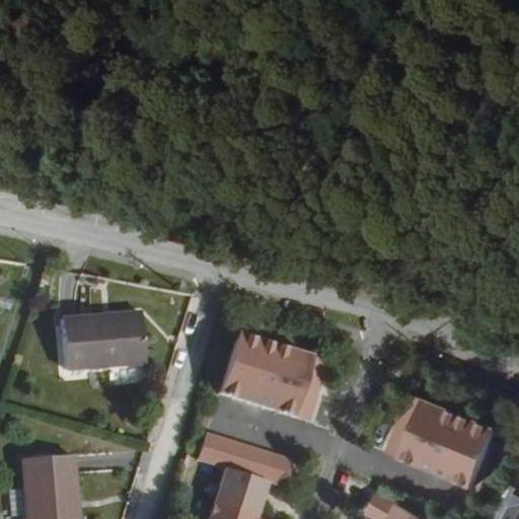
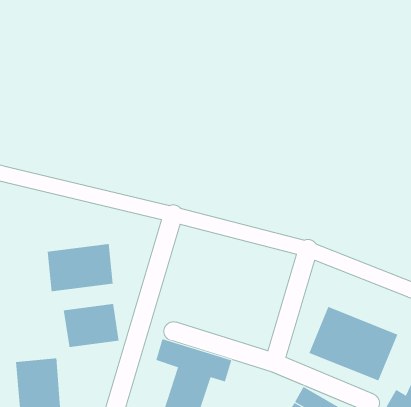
building: [217,330,326,420] -> none
building: none -> [63,303,119,348]

